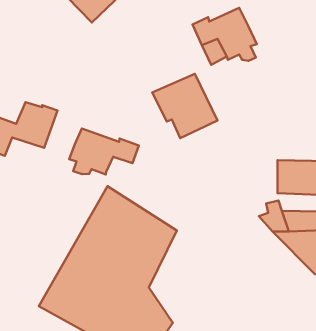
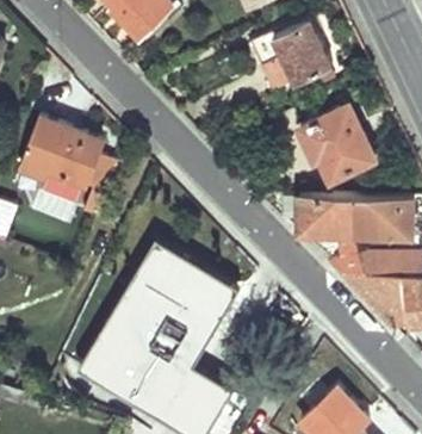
building: [152,74,218,138] -> [299,103,374,176]
building: [69,128,139,174] -> none
building: none -> [299,194,353,235]

